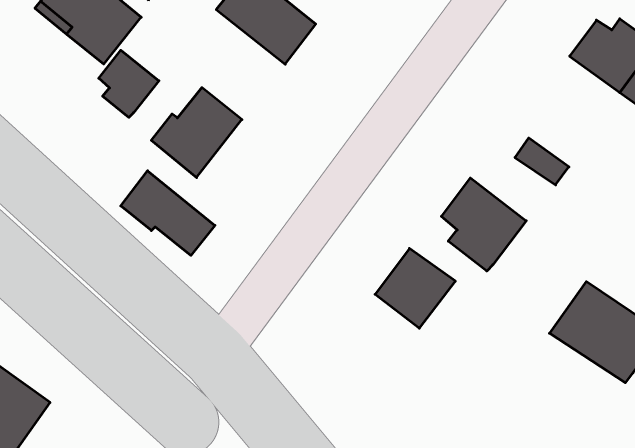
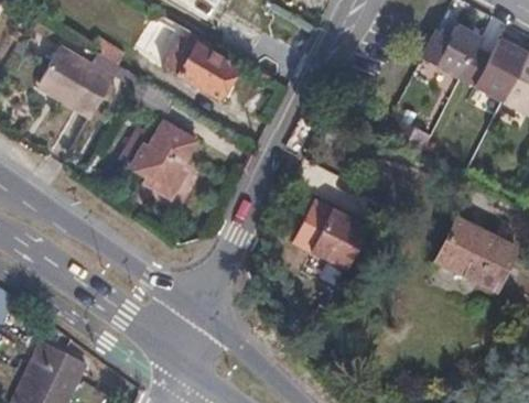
building: [99,50,159,117] -> none
building: [121,171,215,255] -> none
building: [441,178,526,271] -> none

